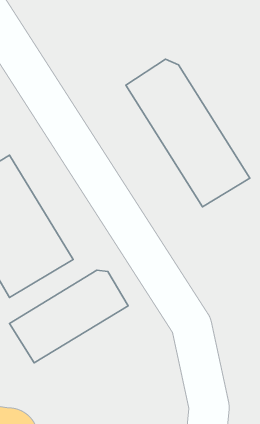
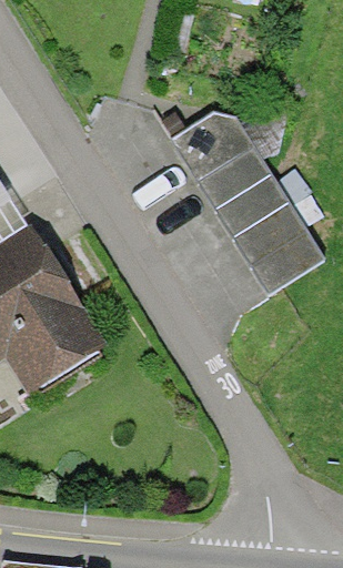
building: [9,270,128,363] -> none

